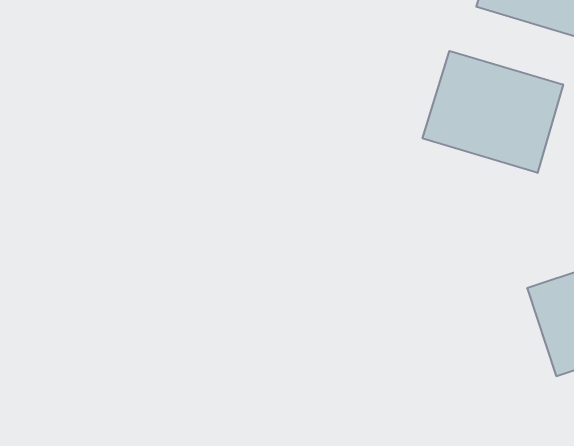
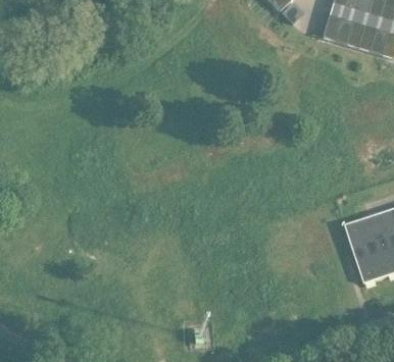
building: [423,51,563,173] -> none

